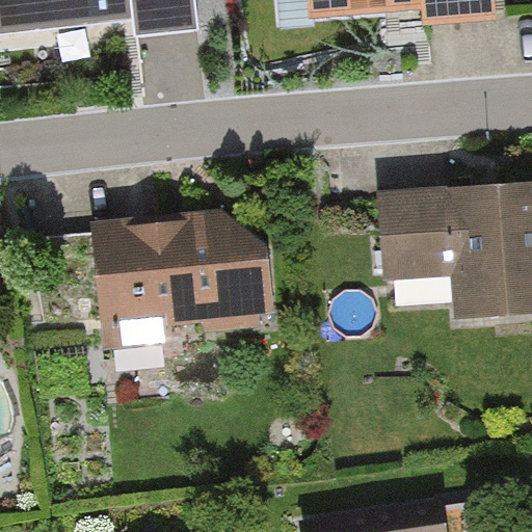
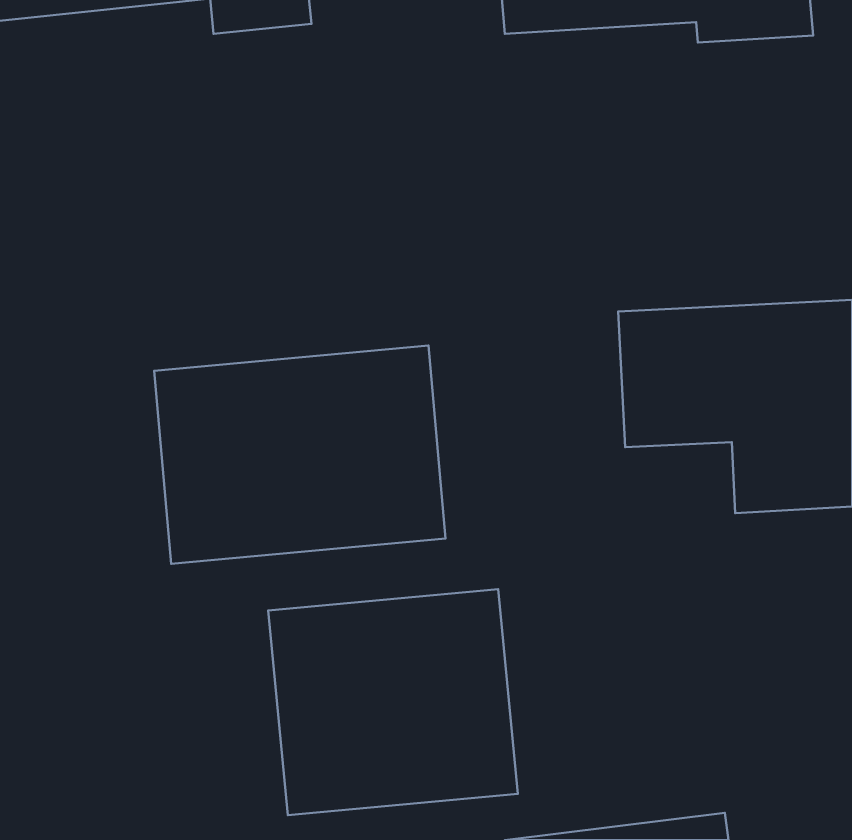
building: none -> [268,589,518,815]

